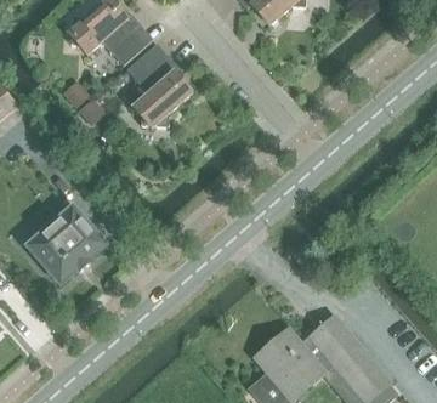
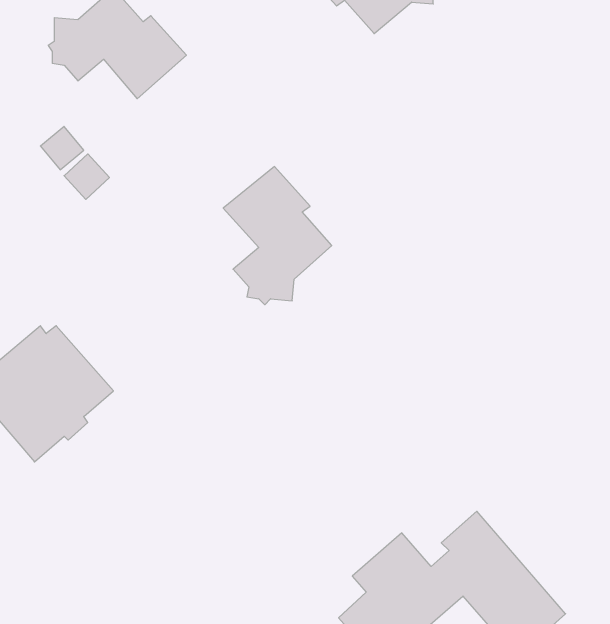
building: [125,42,192,127] -> [223,167,332,305]

